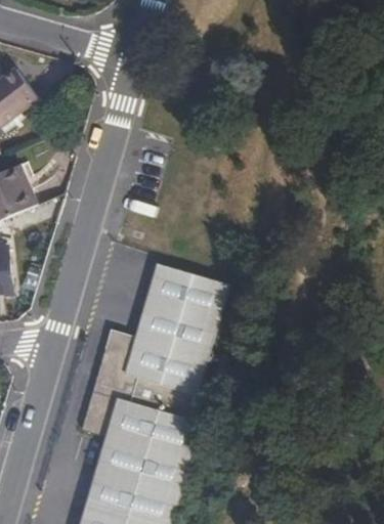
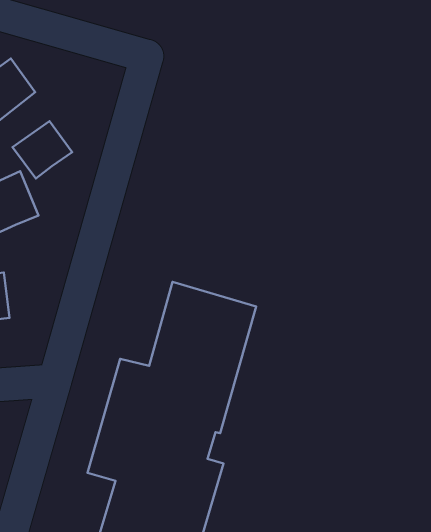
building: none -> [13,121,72,179]

